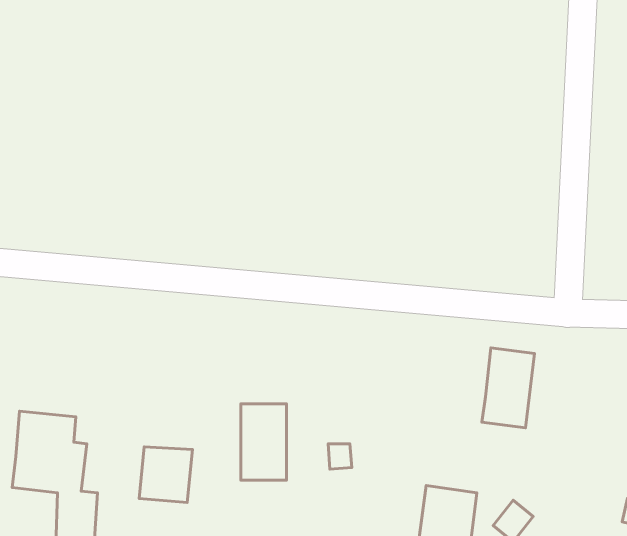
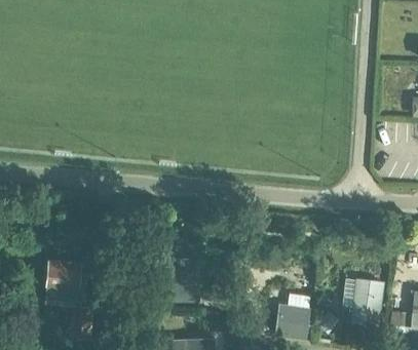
building: [482,348,534,428] -> [353,278,383,323]
building: [139,447,192,503] -> none

